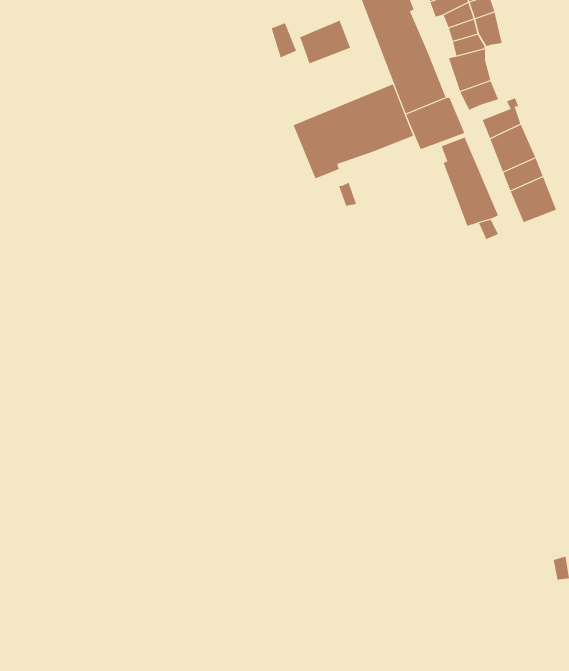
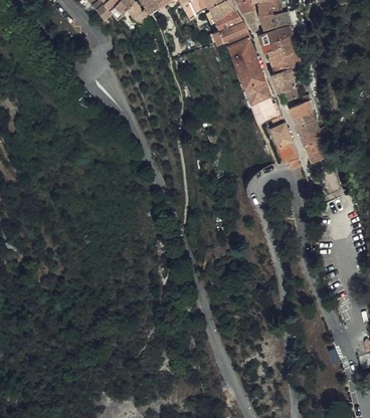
building: [300,20,351,64] -> none
building: [293,84,414,179] -> none

